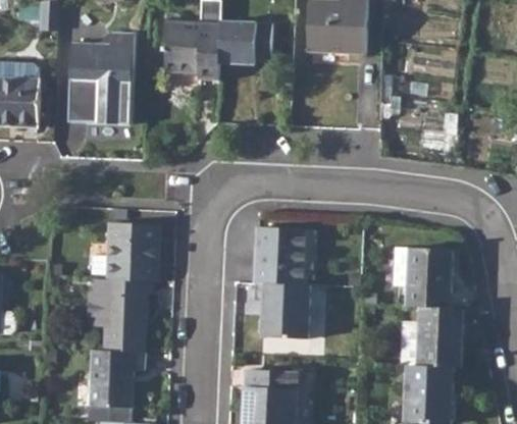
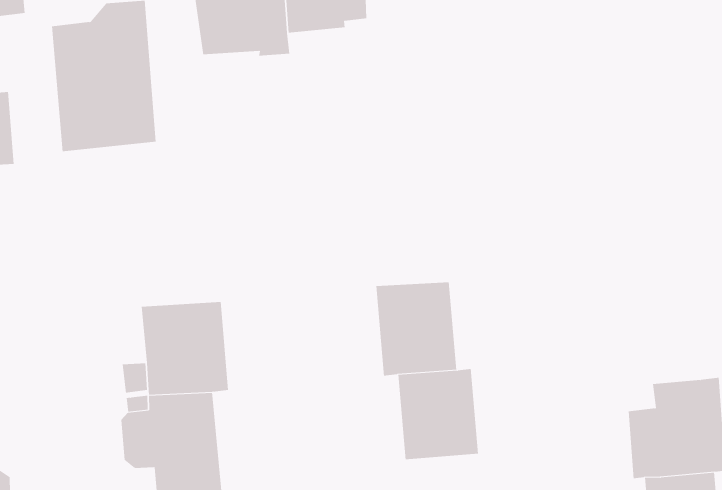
building: [394,252,454,312] -> none

